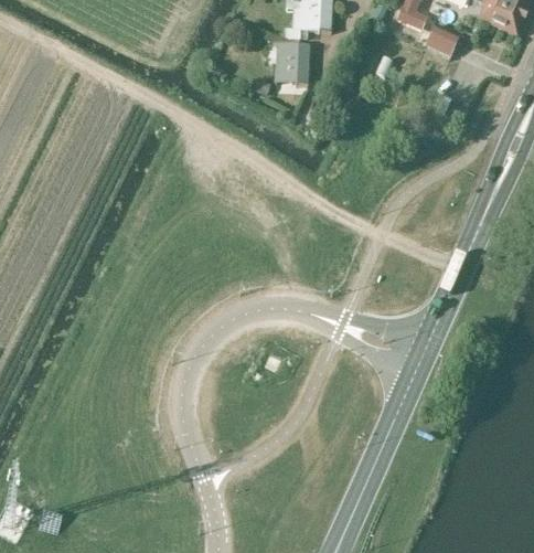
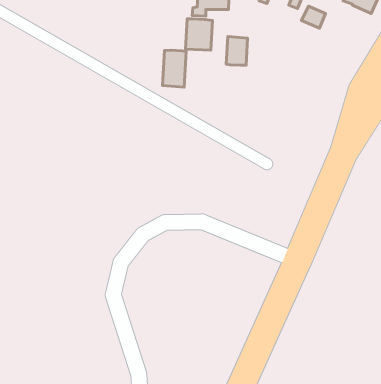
building: none -> [226,36,248,65]
building: none -> [163,50,186,87]

